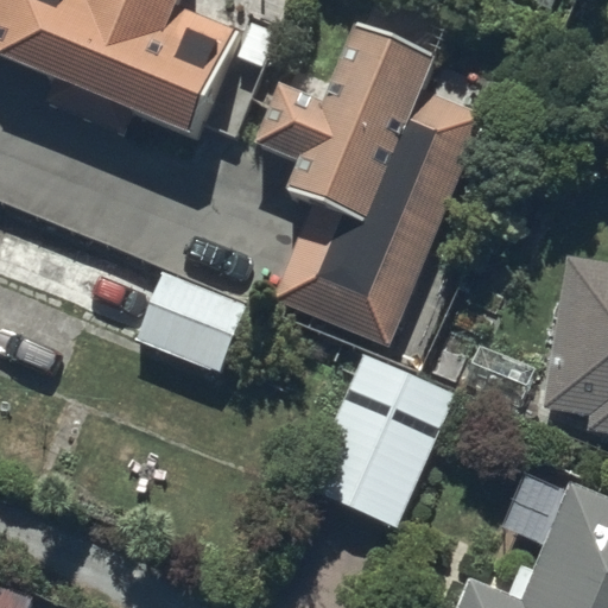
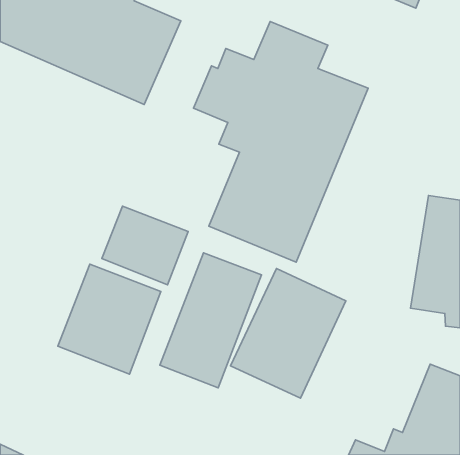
building: none -> [160,253,261,388]
building: none -> [58,264,161,374]

